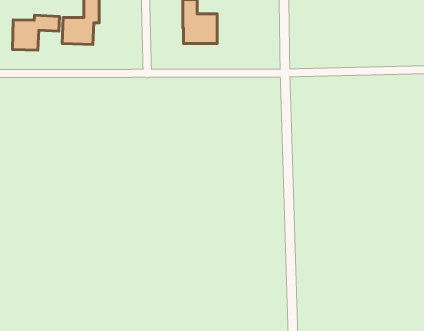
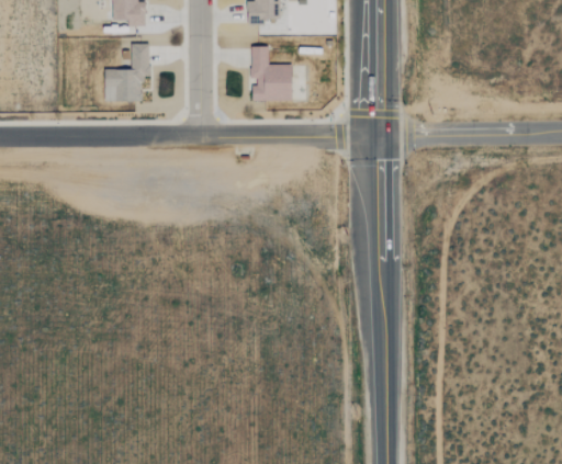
building: [12,15,60,50] -> none

